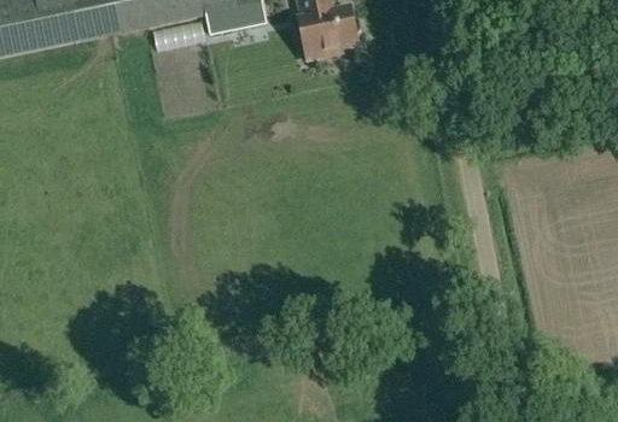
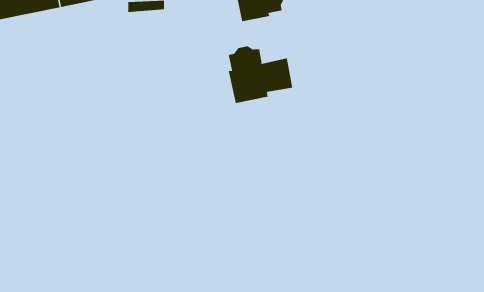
building: none -> [228,45,293,104]

